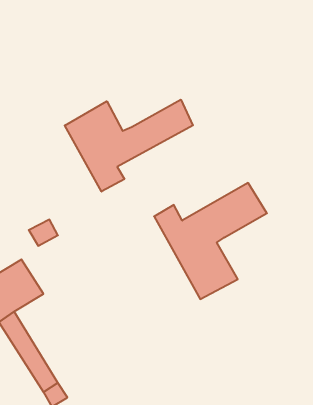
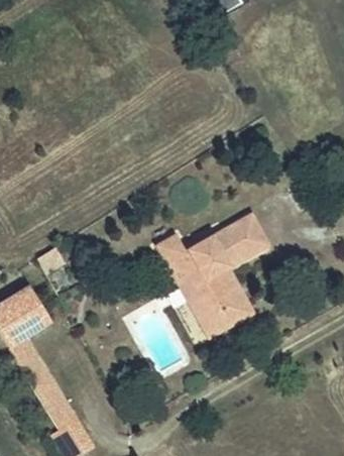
building: [65,100,193,192] -> none
building: none -> [203,265,253,337]

